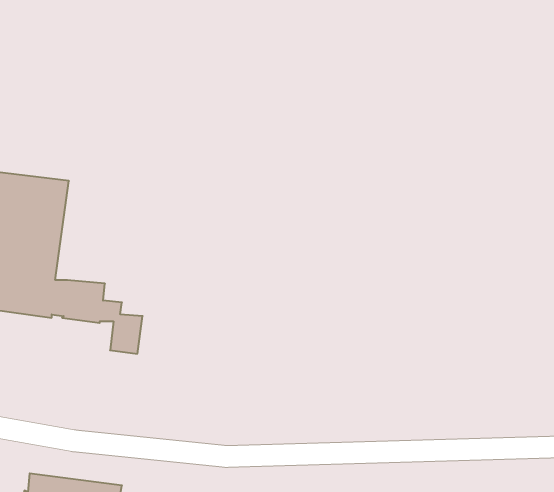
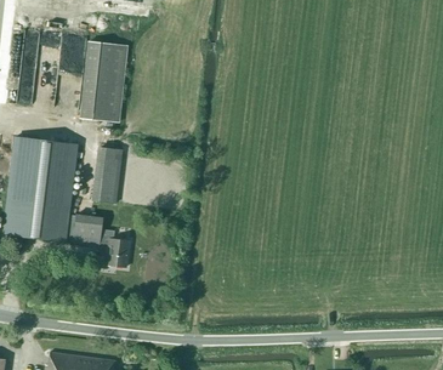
building: none -> [80,41,126,121]
building: none -> [93,147,121,203]

